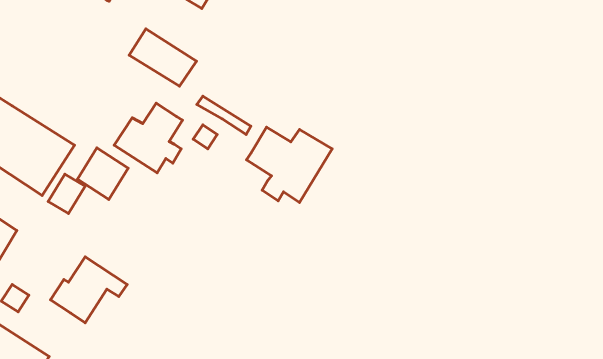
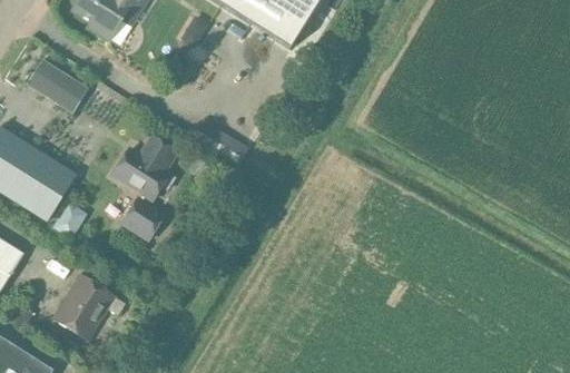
building: [129,29,196,86] -> [26,58,88,111]
building: [247,127,332,202] -> none
building: [78,148,128,199] -> [120,194,167,242]

